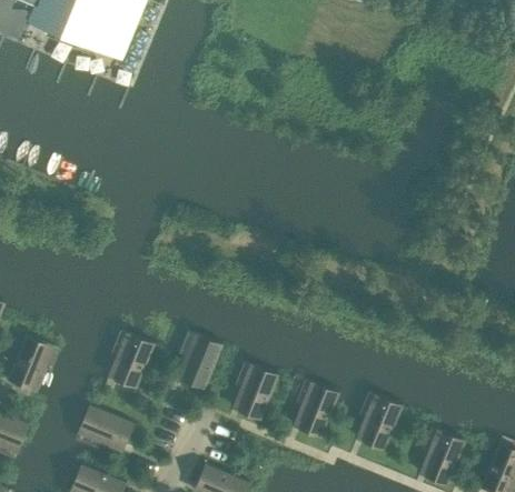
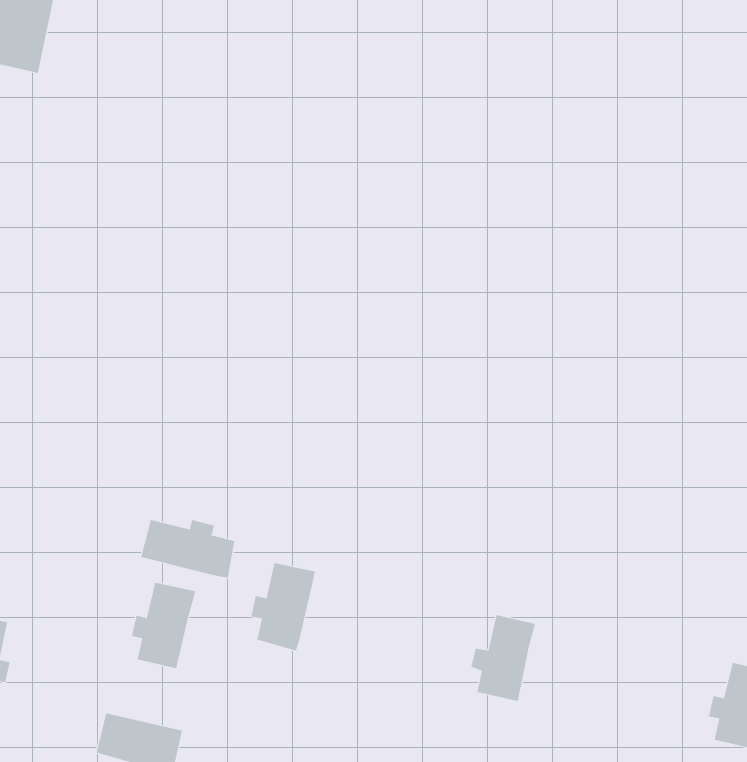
building: none -> [141,519,235,579]
building: [236,369,276,419] -> none
building: [360,399,400,450] -> none

